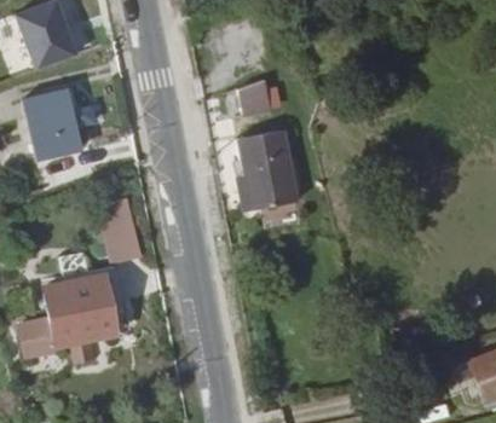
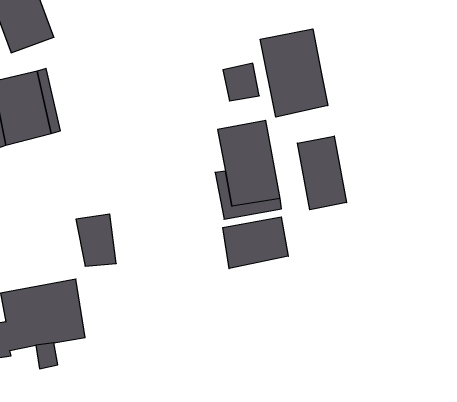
building: none -> [260,29,328,117]
building: none -> [297,136,347,210]
building: none -> [223,217,288,269]

